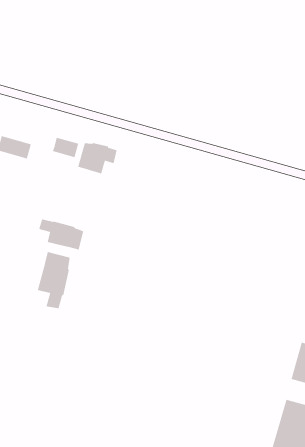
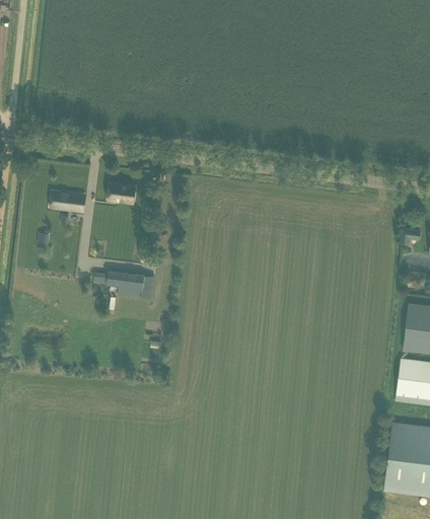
building: [77,142,117,174] -> none
building: [37,251,70,309] -> none

